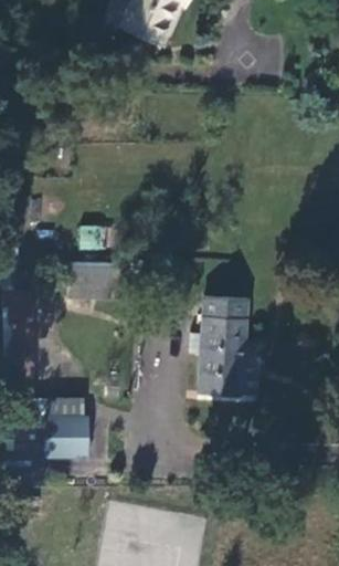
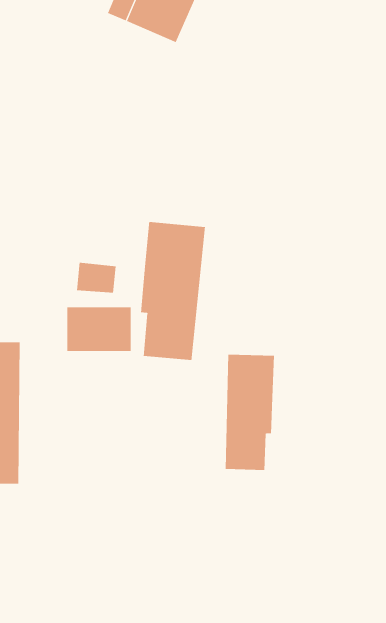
building: none -> [141,221,205,361]
building: [235,334,268,395] -> none
building: [44,394,81,459] -> none

